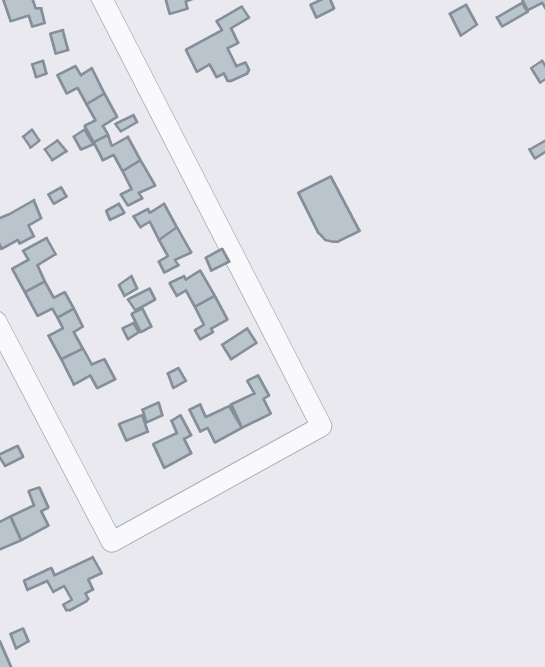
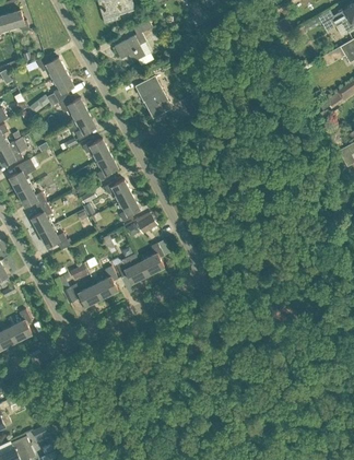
building: [298,177,360,242] -> [134,75,172,115]
building: none -> [62,284,101,306]
building: [24,557,102,610] -> none

